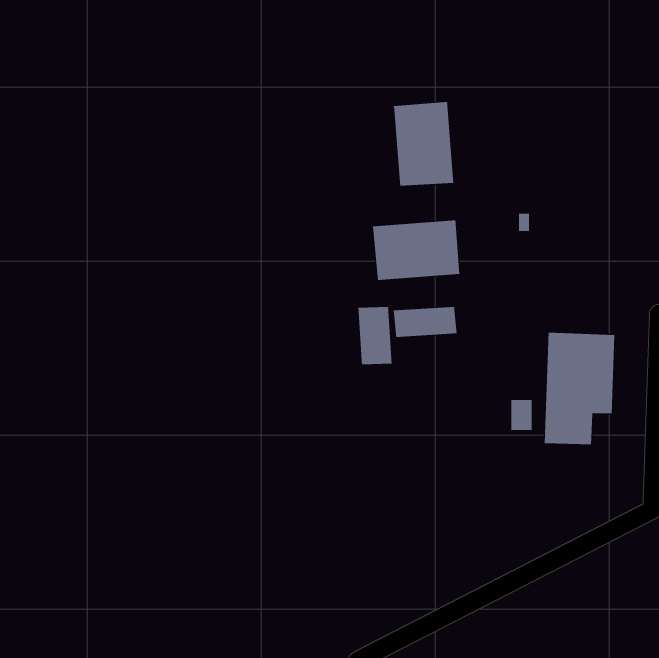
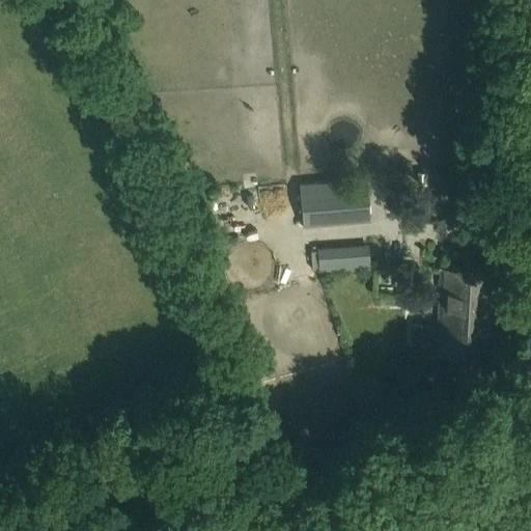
building: [394,101,454,187] -> none
building: [358,306,392,365] -> none

